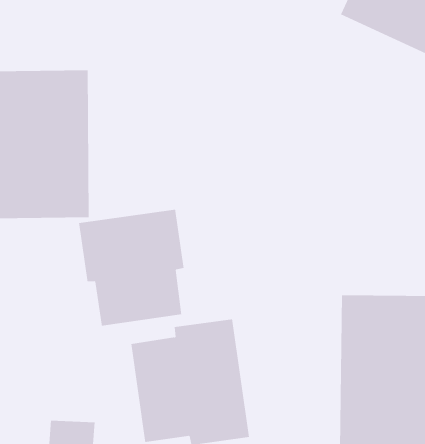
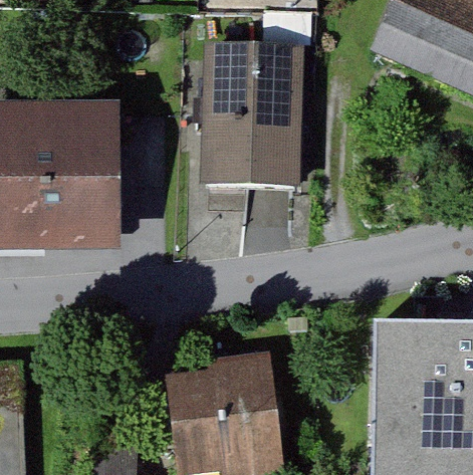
building: none -> [199,40,306,186]
building: [78,209,184,326] -> none

